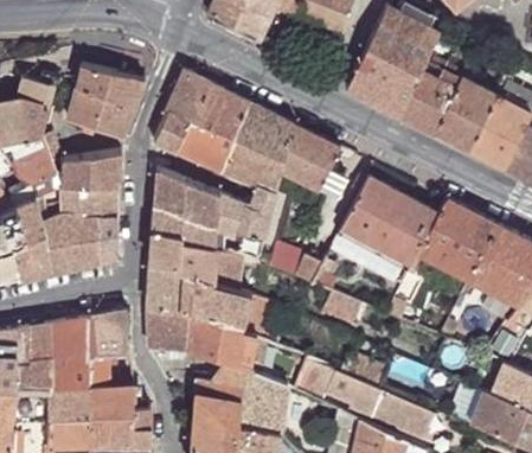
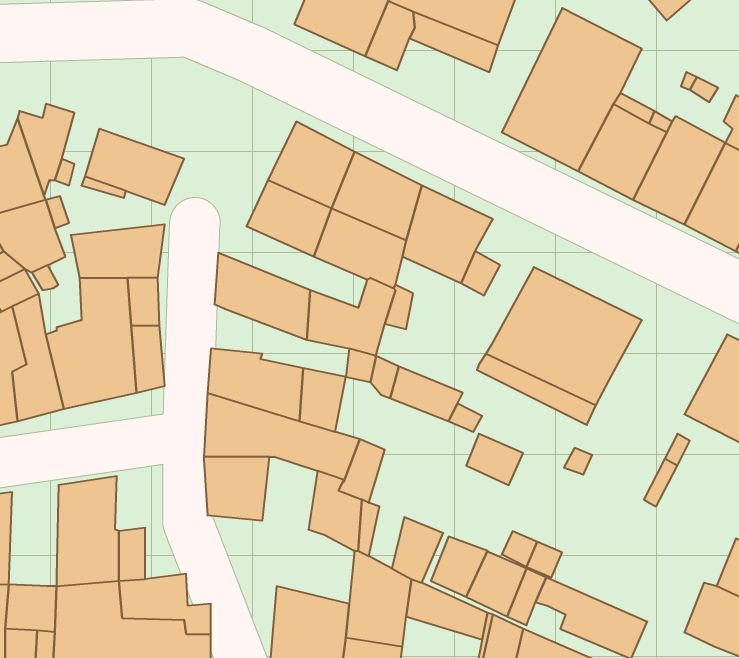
building: [77,66,145,107] -> none
building: [152,71,209,152] -> none
building: [418,199,496,277] -> none
building: [152,204,216,247] -> none
building: [186,306,223,356] -> none
building: [88,312,129,356] -> none
building: [17,325,50,393] -> none
building: [196,358,248,404] -> none

